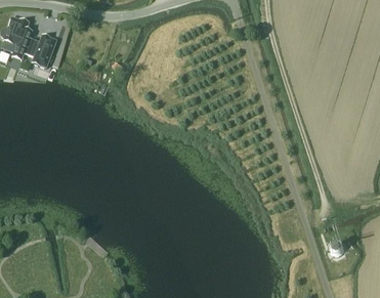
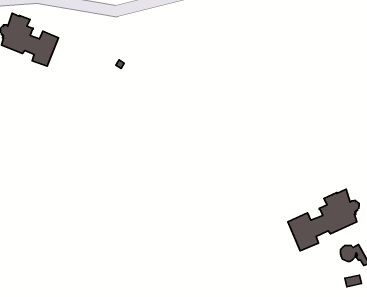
building: none -> [288,189,359,251]

